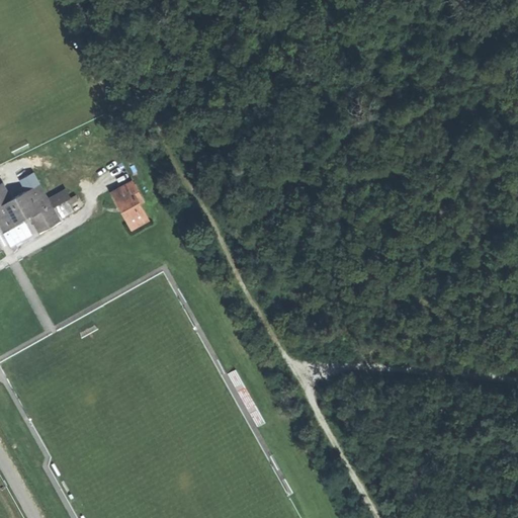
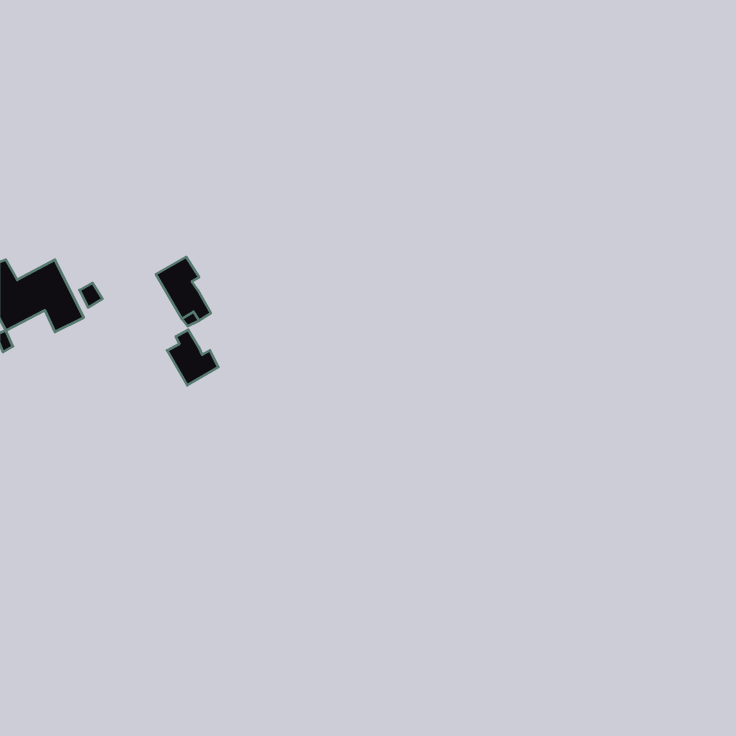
building: none -> [167,330,218,385]

